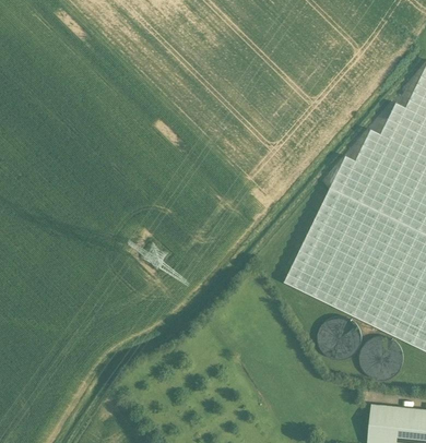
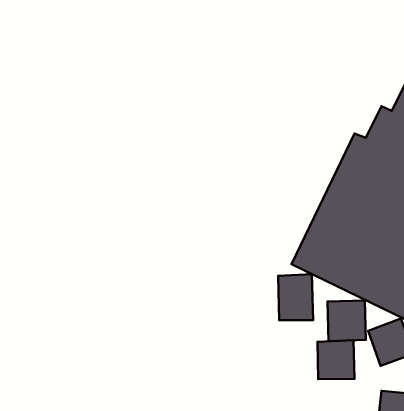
building: none -> [278,274,313,320]
building: none -> [318,340,355,379]

